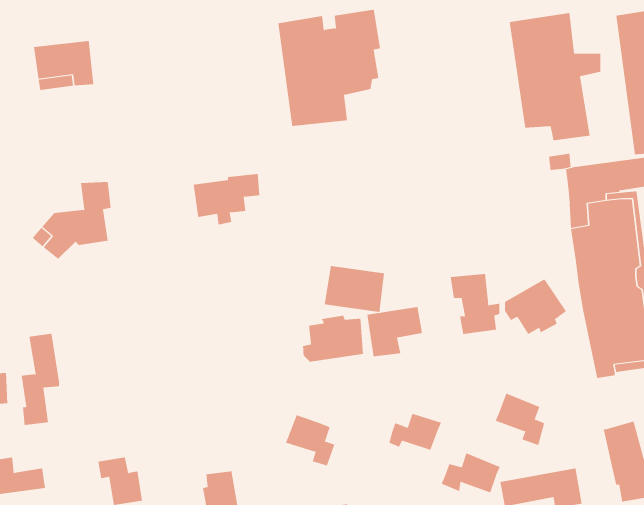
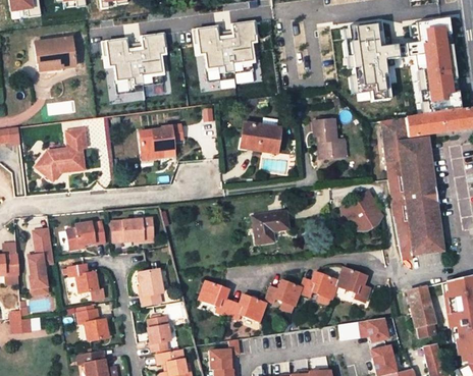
building: none -> [104,32,170,97]
building: [324,265,385,312] -> [240,122,279,153]
building: [450,274,500,335] -> [311,119,344,159]
building: [303,315,363,363] -> none
building: none -> [112,218,152,239]
building: none -> [64,222,102,247]
building: none -> [67,265,96,292]
building: none -> [138,270,161,306]
building: none -> [226,296,264,321]
building: [441,453,500,493] -> [299,271,337,298]

